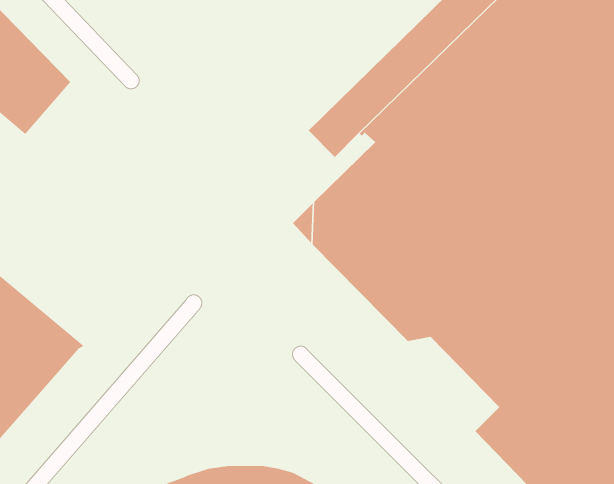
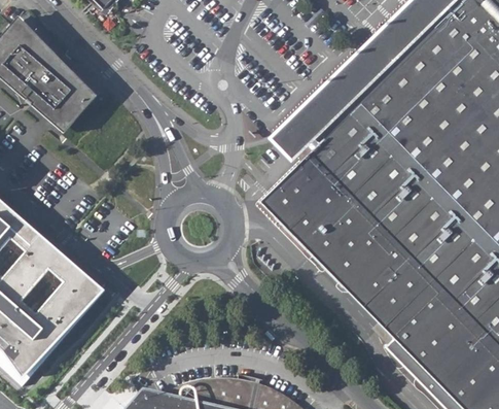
building: none -> [344,285,409,353]

